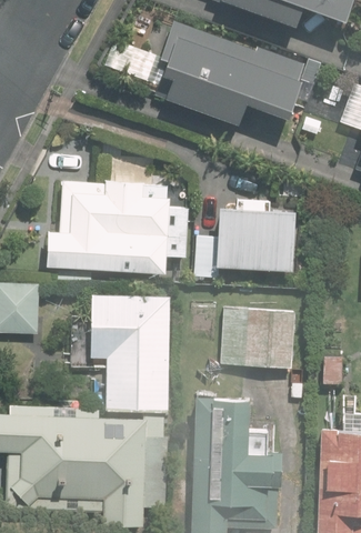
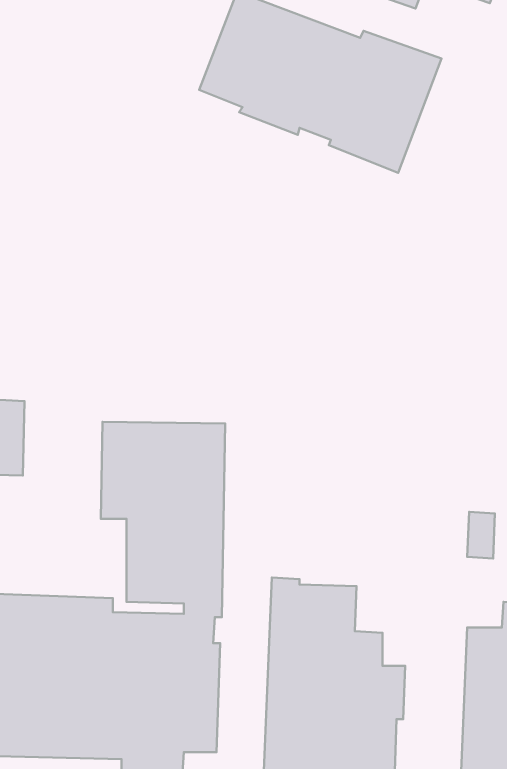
building: [48,180,189,274] -> none
building: [191,208,293,275] -> none
building: [221,308,294,366] -> none

